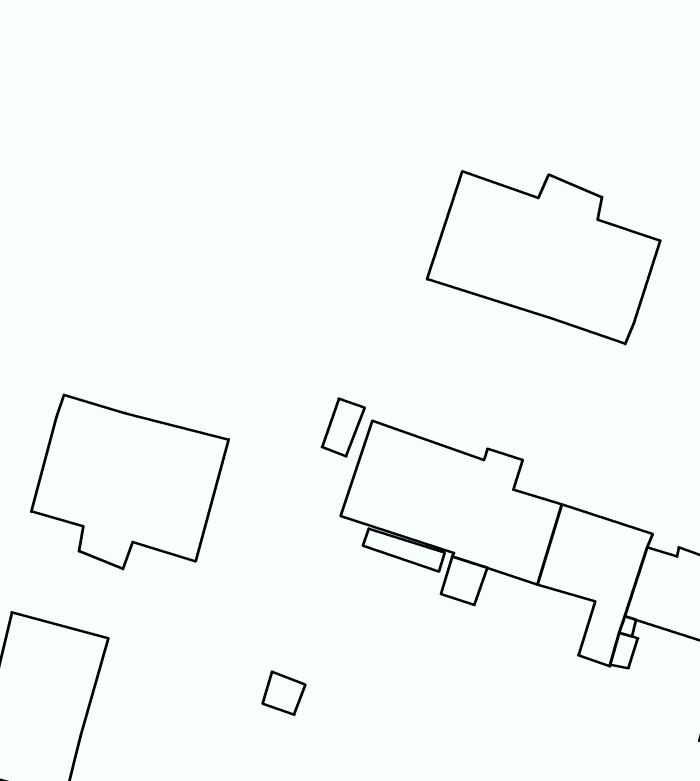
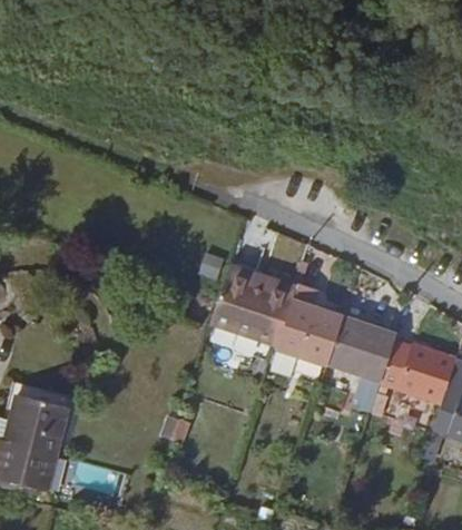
building: [427,171,660,344] -> none
building: [31,395,229,569] -> none

